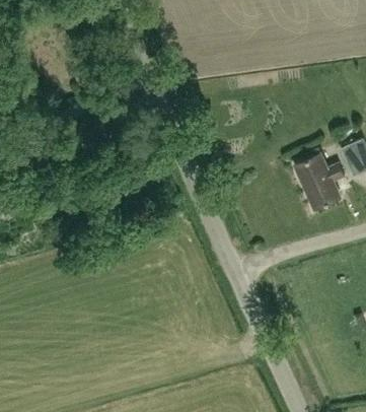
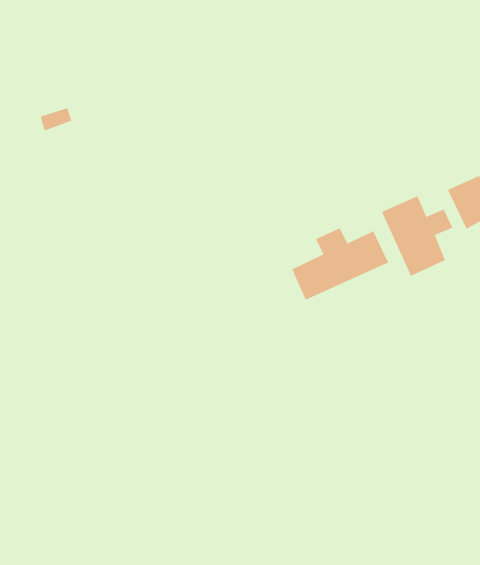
building: none -> [292,228,389,301]

